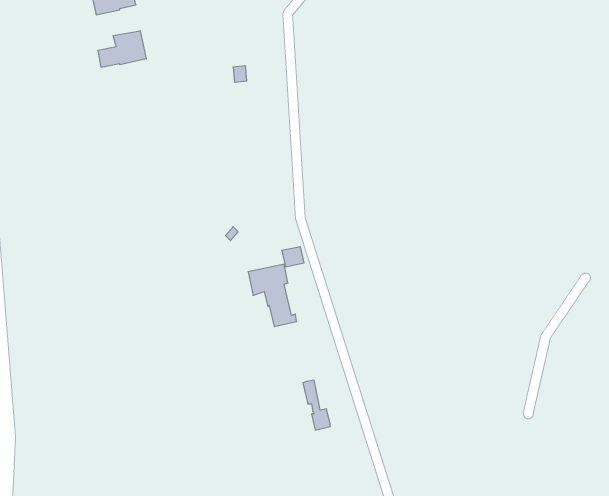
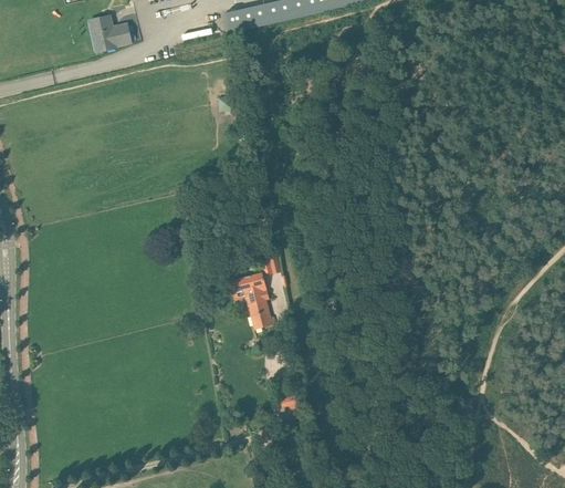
building: [98,31,146,67] -> none

